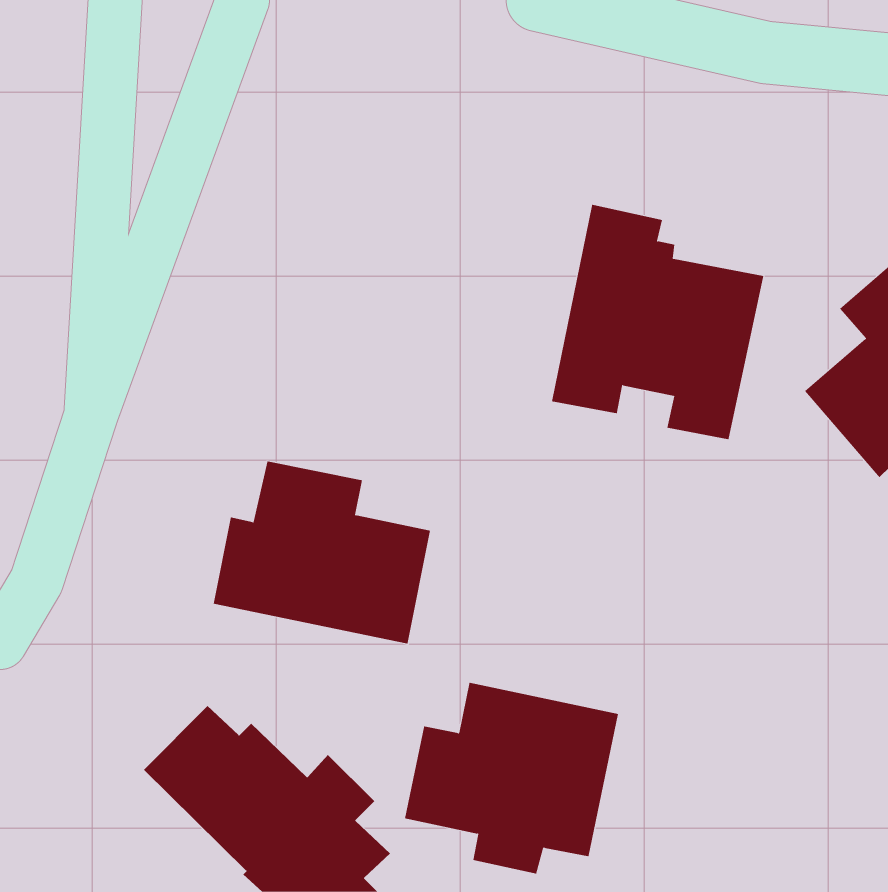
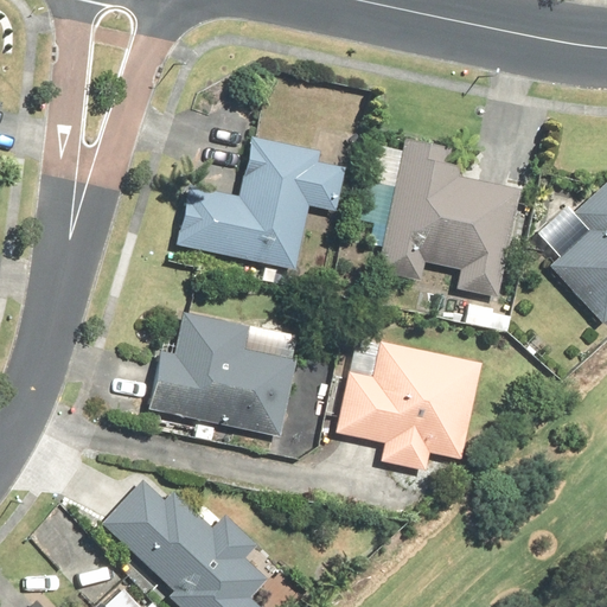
building: none -> [177,138,345,269]
building: [404,682,619,874] -> [336,341,481,472]

